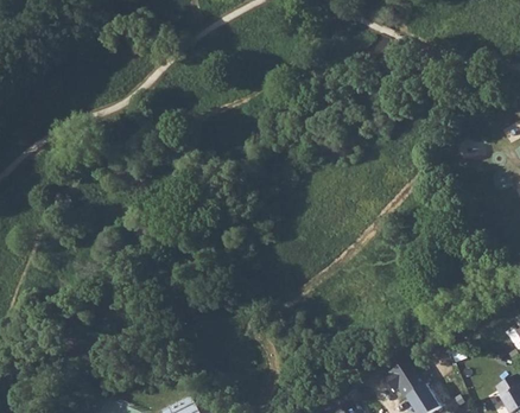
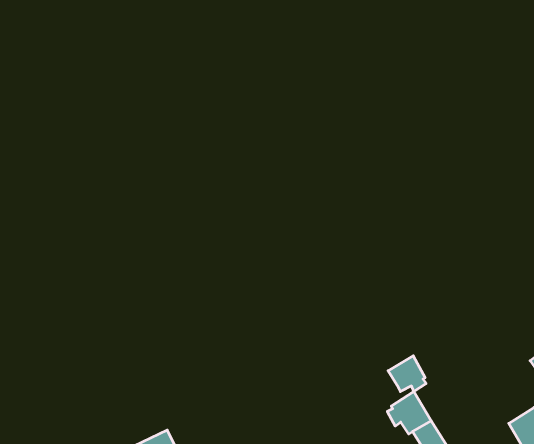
building: none -> [388,356,426,392]

